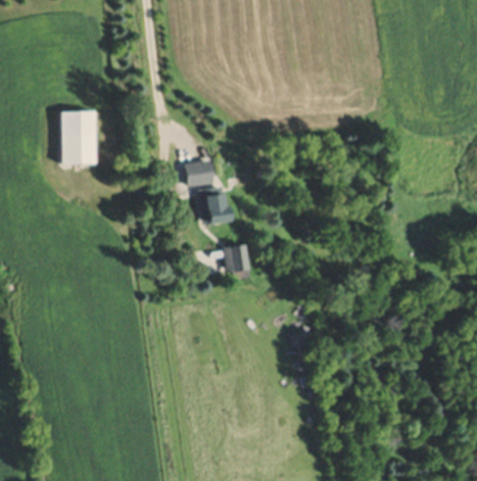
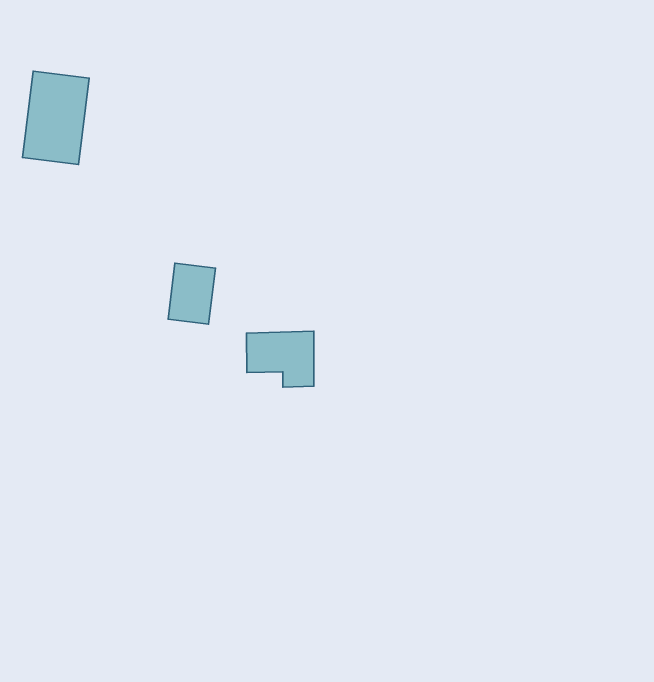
building: [186,160,216,187] -> none
building: [205,189,230,223] -> [168,263,216,324]

